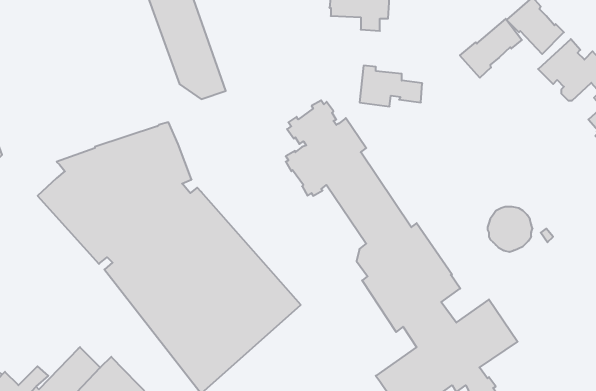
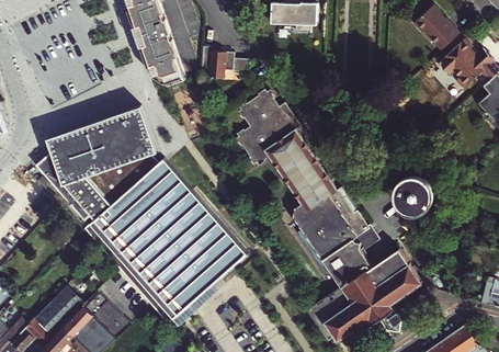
building: [460,19,522,78] -> none
building: [360,66,422,106] -> [200,47,250,80]

